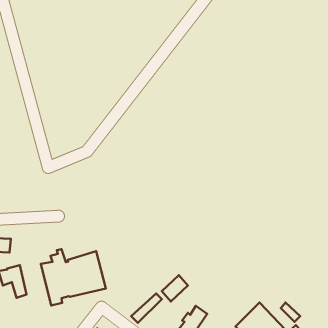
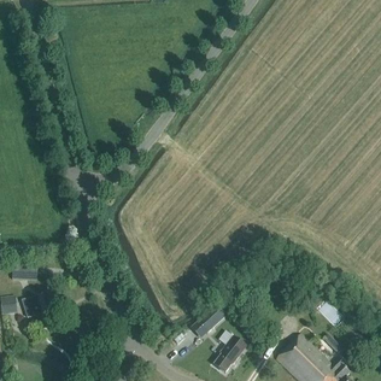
building: [41,249,106,306] -> none

